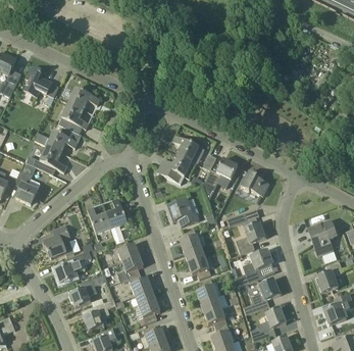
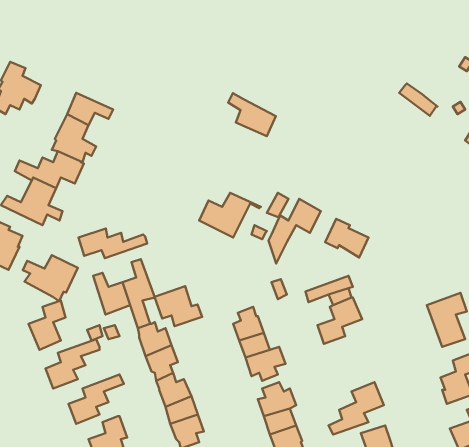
building: [172,135,204,163] -> [228,93,276,136]
building: none -> [78,228,147,258]
building: none -> [23,255,78,301]
building: [167,200,199,227] -> [154,286,202,326]
building: [235,251,272,287] -> none

